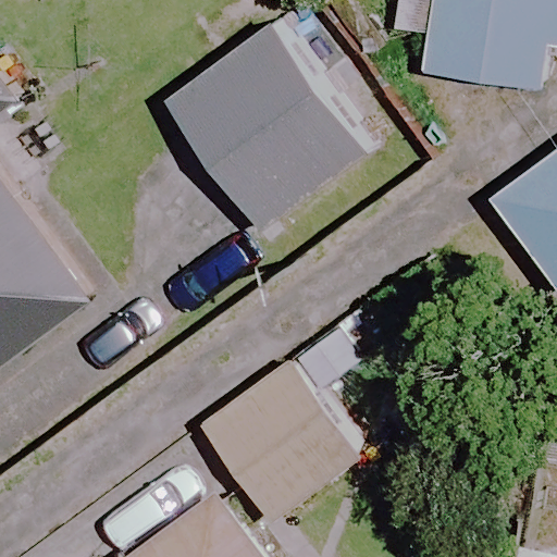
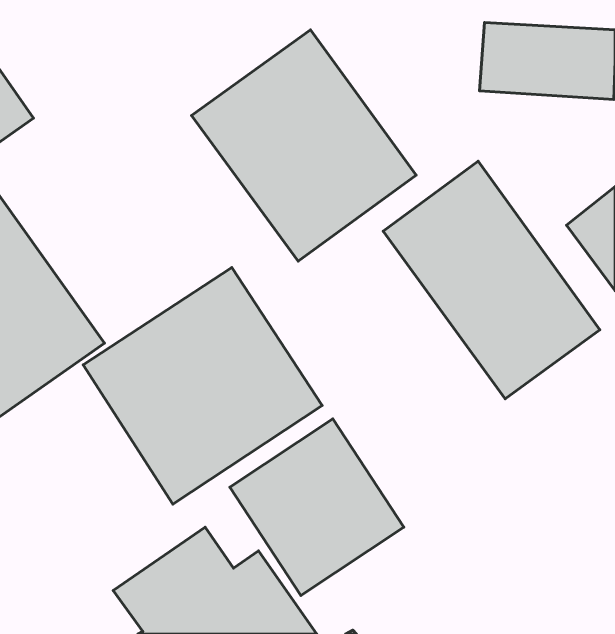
building: none -> [383,161,600,399]
building: none -> [83,267,322,504]

